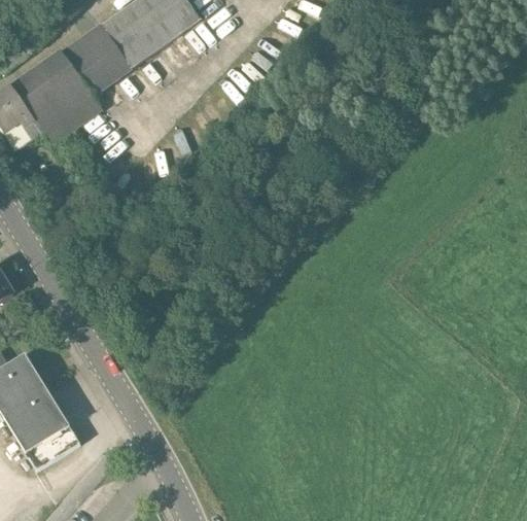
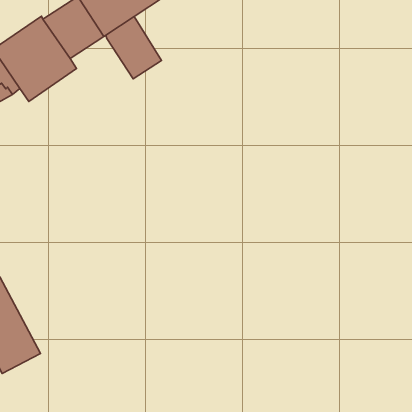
building: none -> [106,17,162,79]

